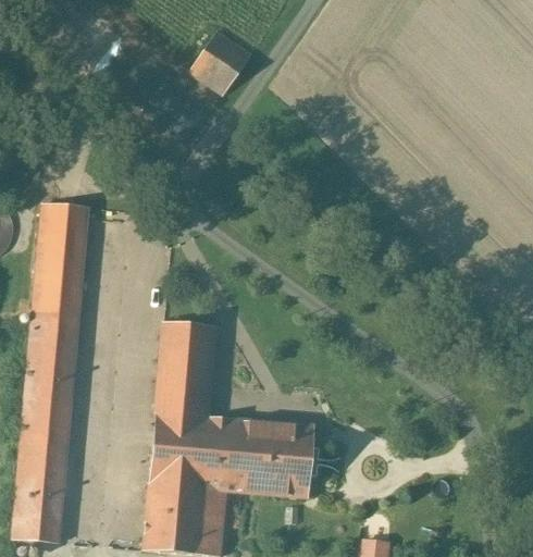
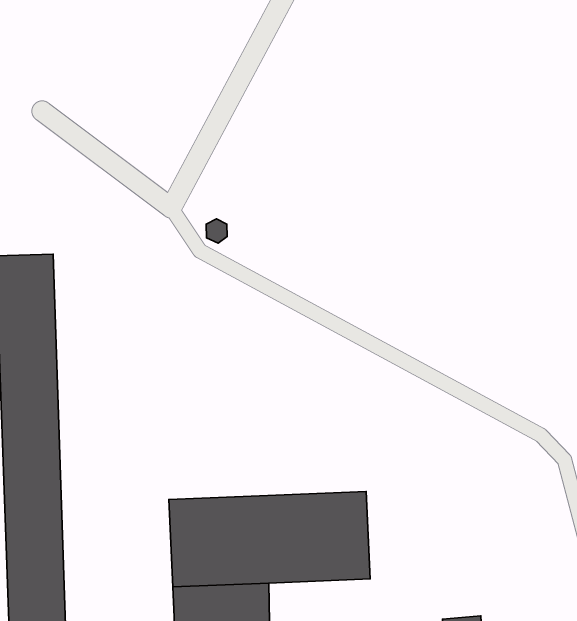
building: [190,30,251,94] -> none
building: [156,322,215,418] -> none

